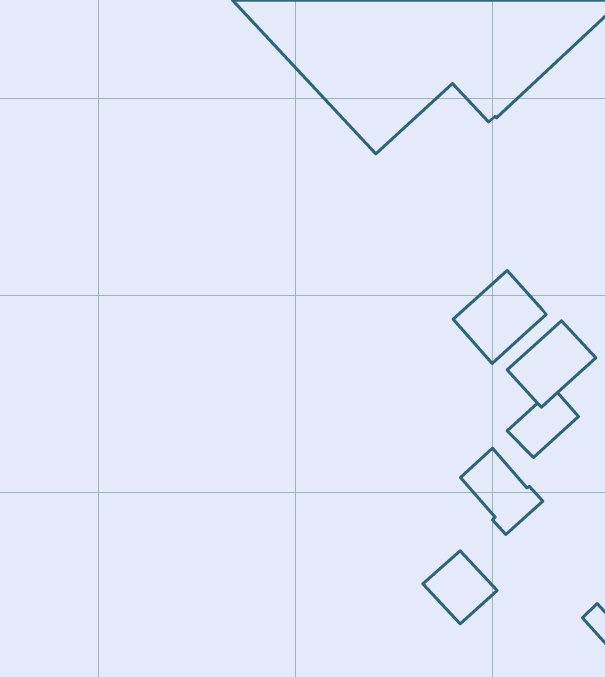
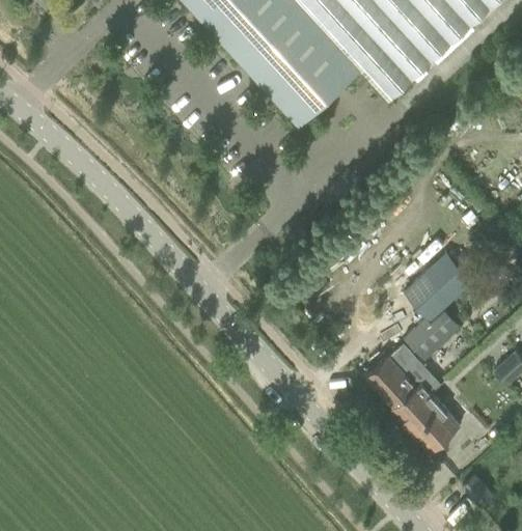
building: [453,270,546,364] -> none
building: [423,551,497,624] -> [403,392,461,449]

